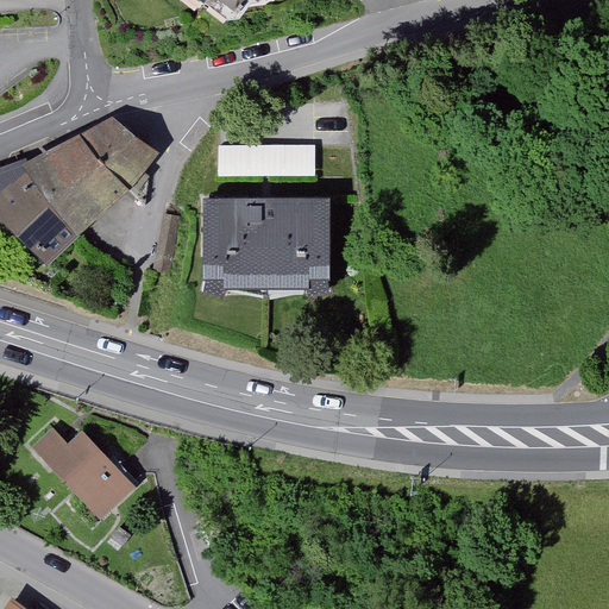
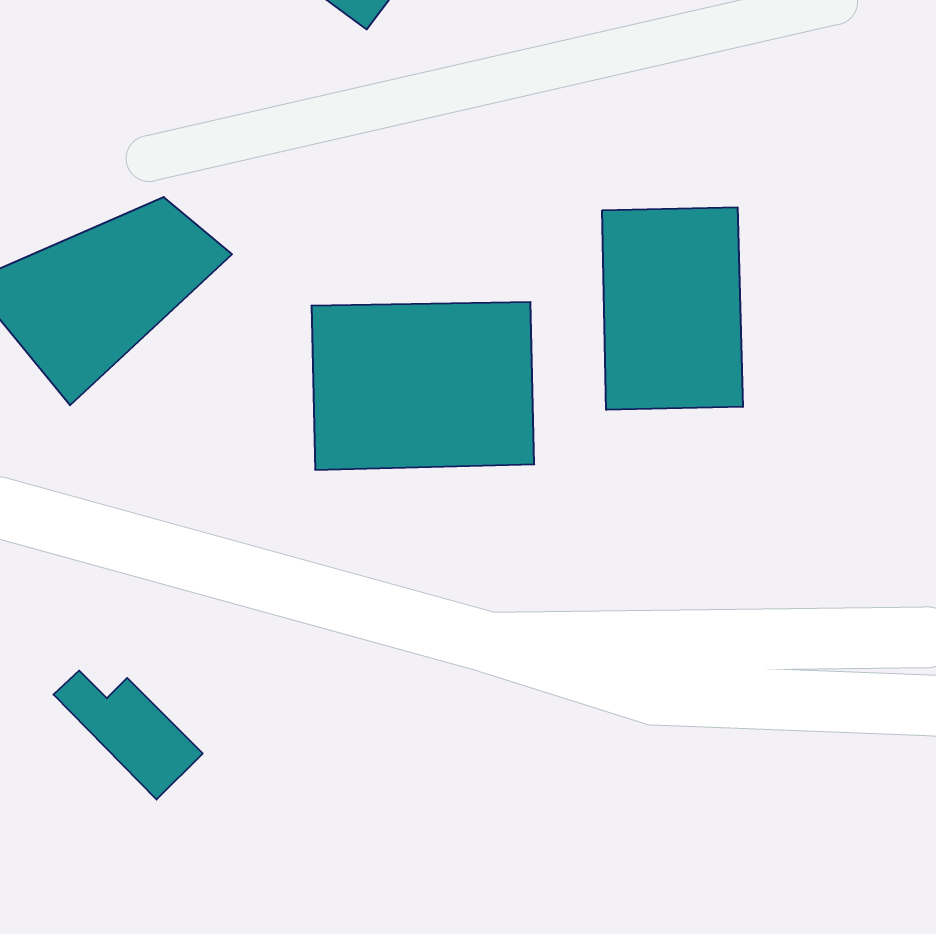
building: none -> [602,207,743,410]
building: [211,139,314,171] -> none

